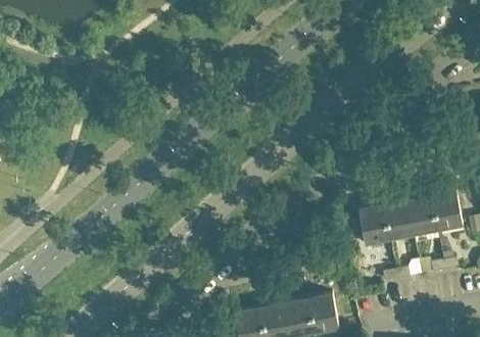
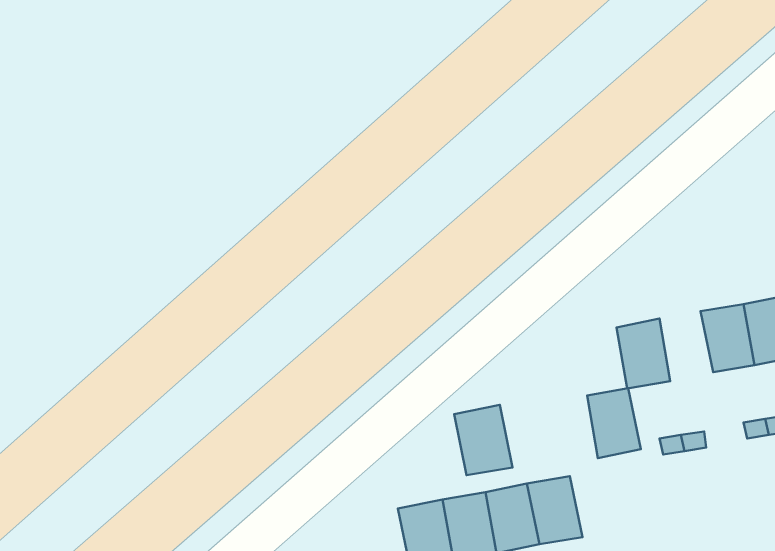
building: [384,200,415,240] -> [587,388,641,458]
building: none -> [454,405,513,475]

